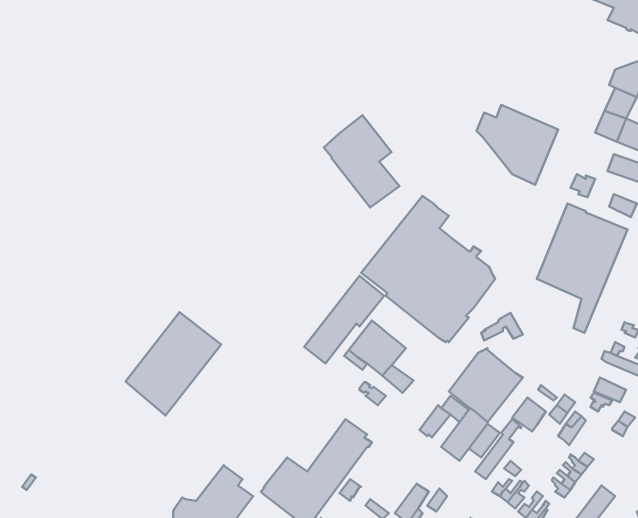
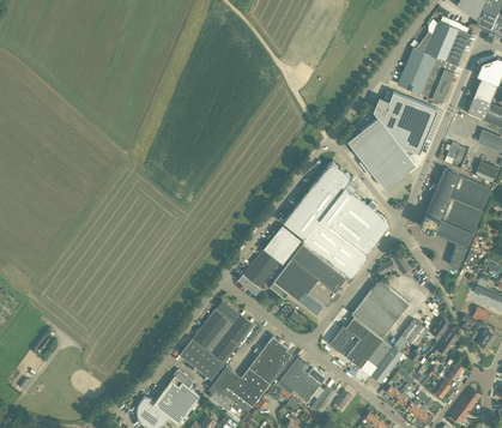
building: none -> [398,20,470,102]
building: [324,115,399,208] -> [349,116,407,188]
building: none -> [292,245,346,293]
building: [126,312,221,416] -> [180,300,254,380]
building: none -> [282,356,326,400]

